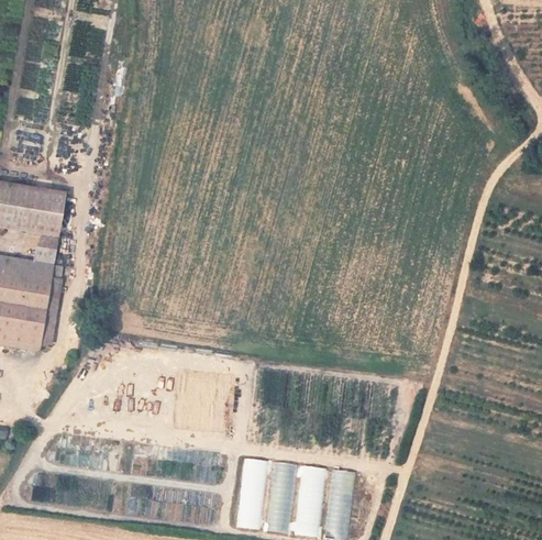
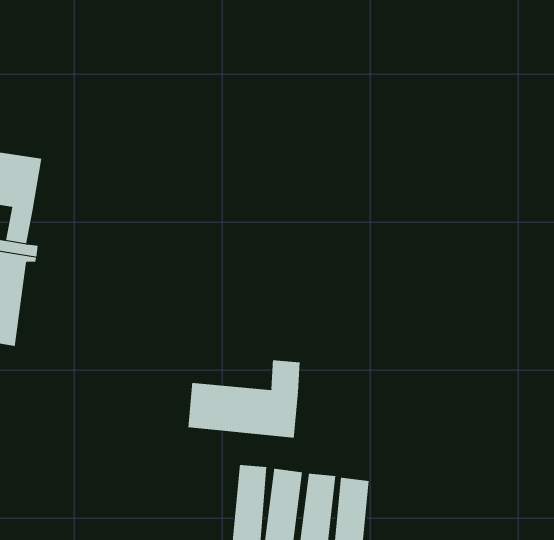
building: none -> [188,359,300,439]

